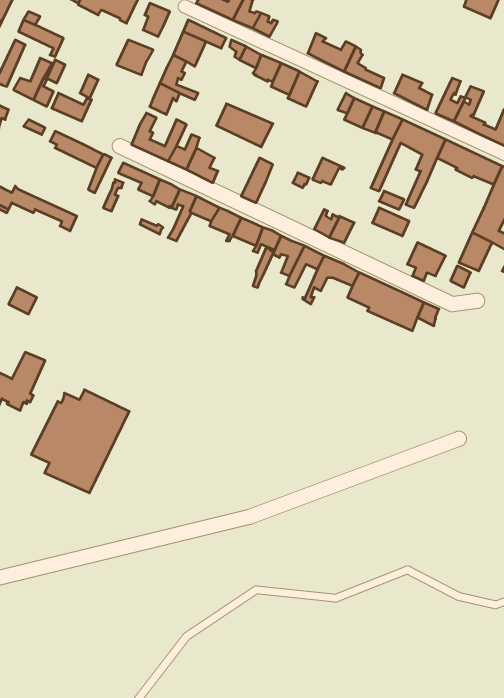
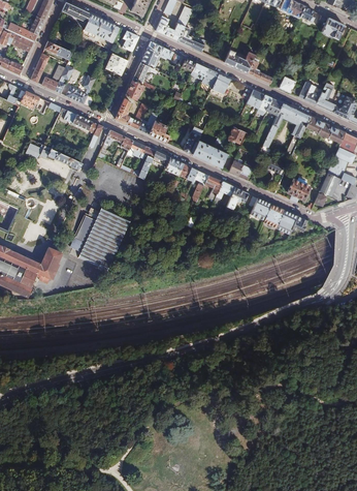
building: [216,104,273,147] -> [192,141,227,167]
building: [31,390,129,493] -> [68,206,129,270]

